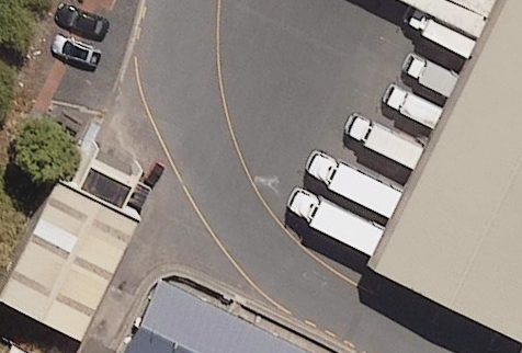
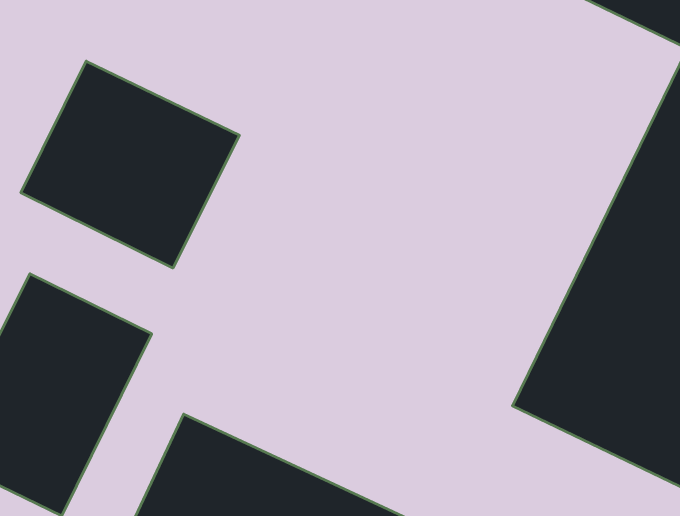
building: none -> [21,61,239,268]

